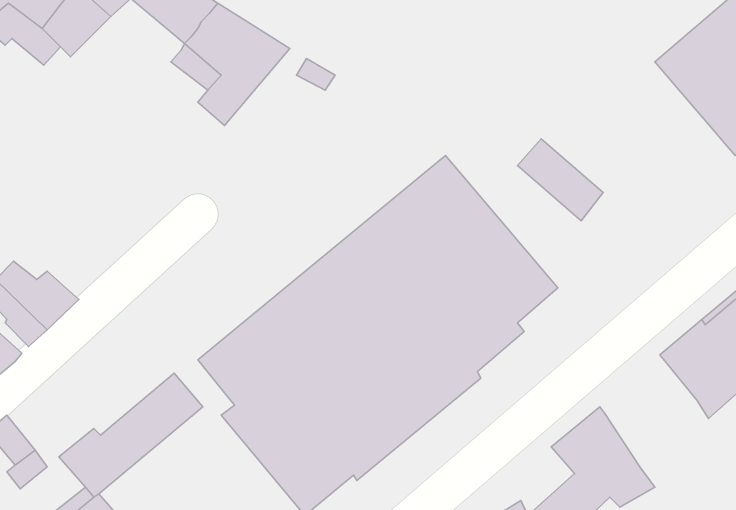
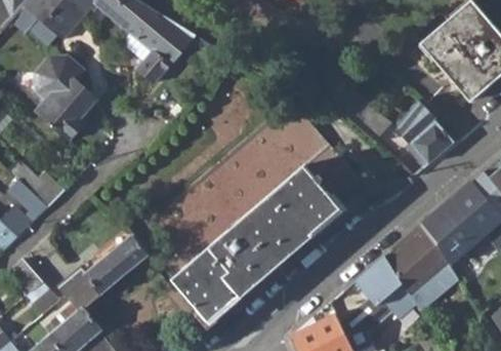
building: none -> [38,56,98,141]
building: none -> [398,103,455,164]
building: none -> [389,225,461,309]

